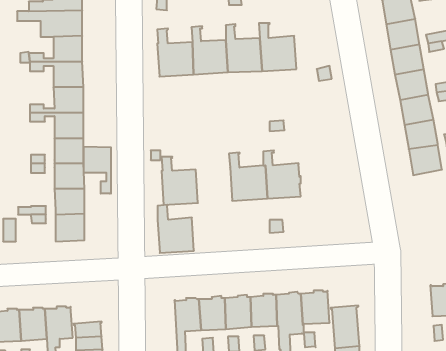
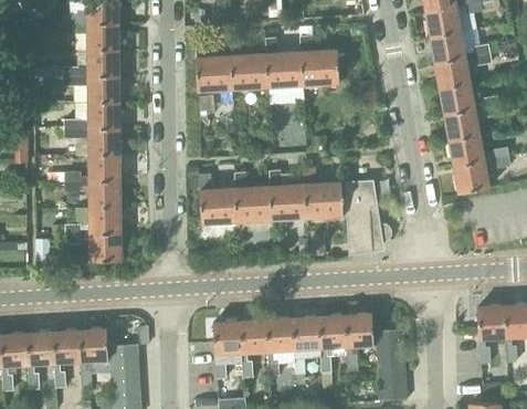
building: [84,146,111,194] -> none
building: none -> [340,180,390,250]
building: [158,205,194,253] -> [234,172,272,222]

